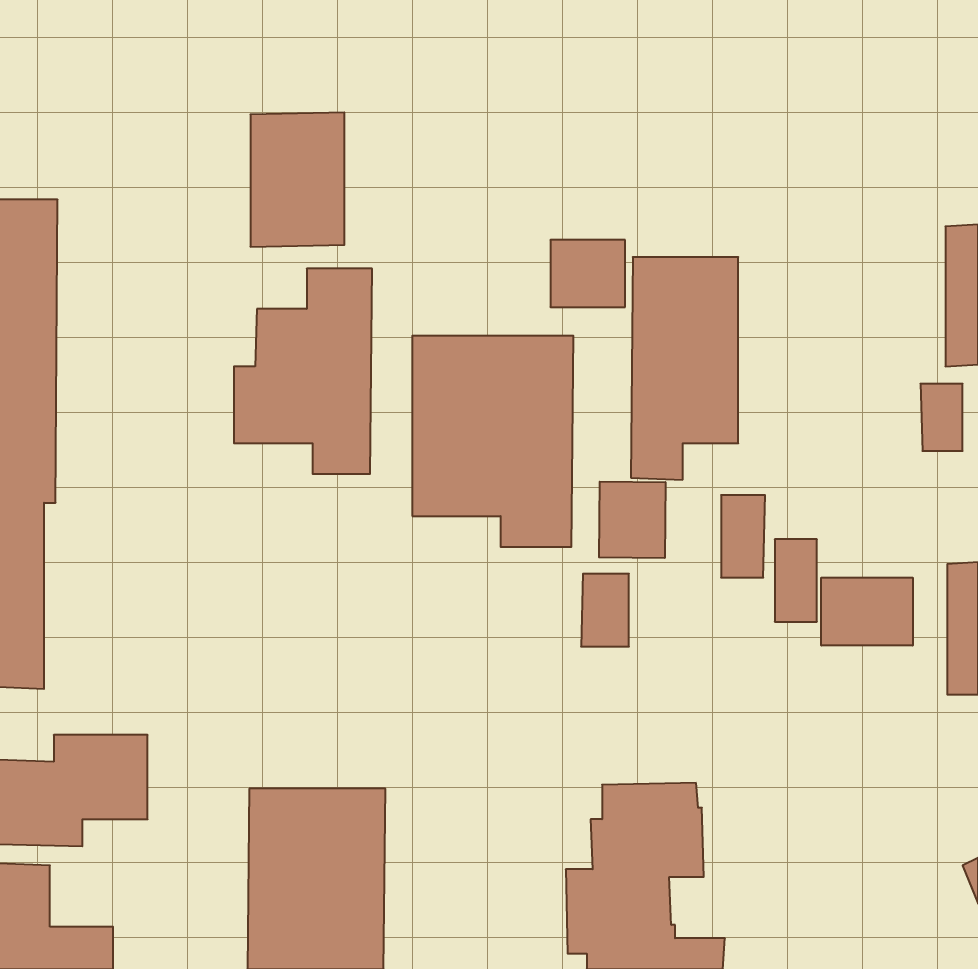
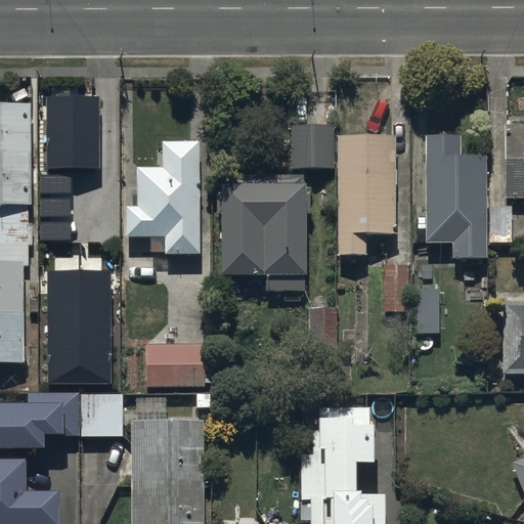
building: [250,112,344,247] -> [47,95,97,167]
building: none -> [424,127,487,257]
building: [599,482,665,558] -> none
building: none -> [49,271,111,383]
building: [821,578,913,646] -> none
building: none -> [147,343,203,384]
building: none -> [84,393,121,433]

